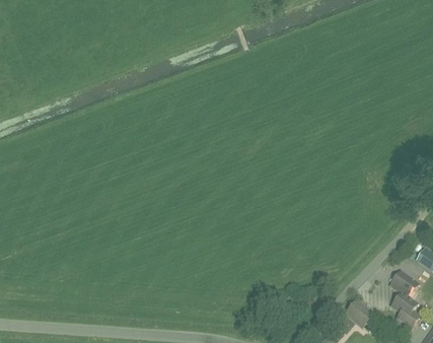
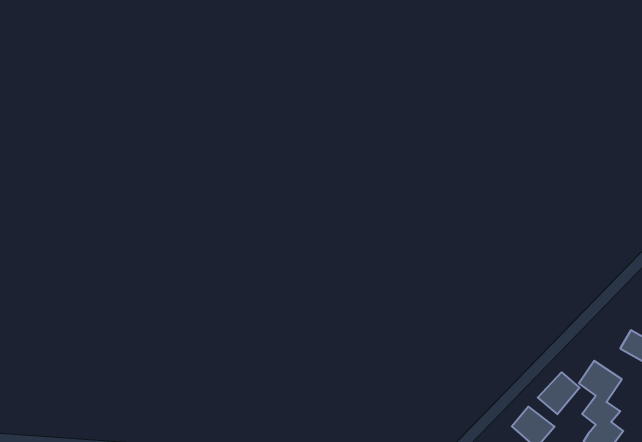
building: none -> [538,372,580,414]

